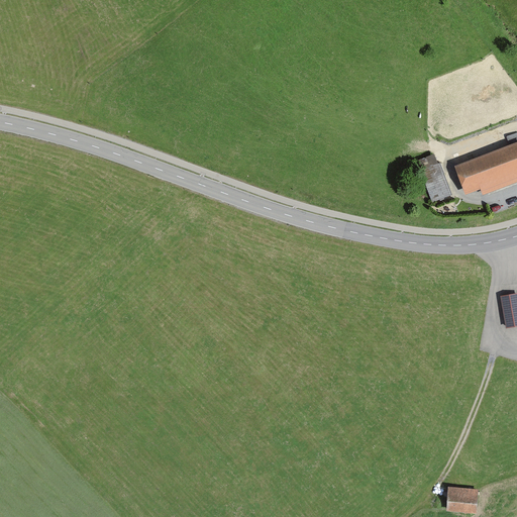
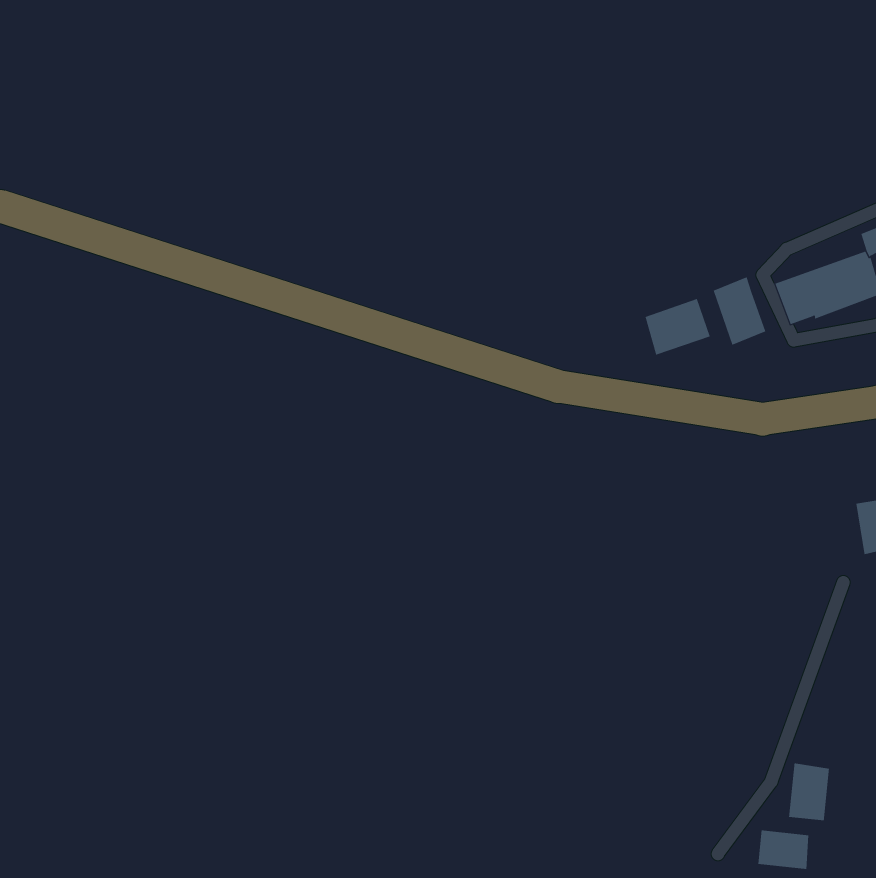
building: none -> [645,298,710,356]
building: none -> [789,762,830,821]

